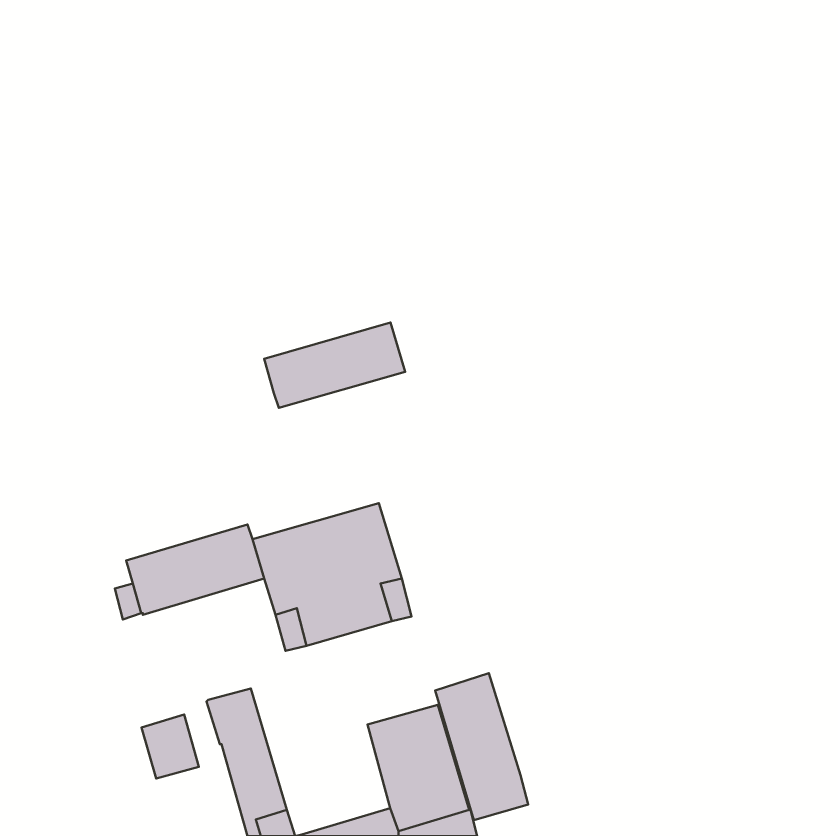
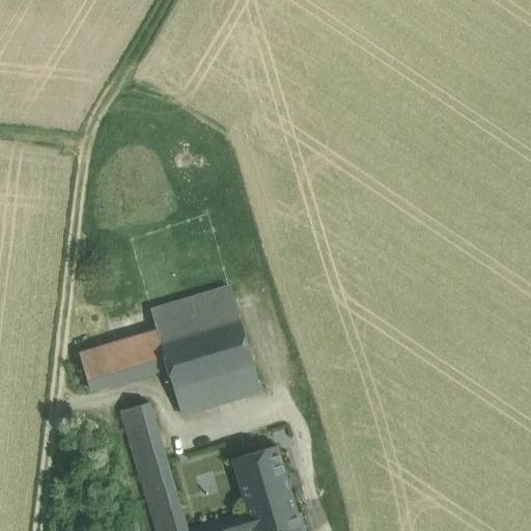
building: [264,323,405,408] -> [150,287,240,341]
building: [435,673,528,820] -> none
building: [141,715,199,778] -> [122,402,159,443]

